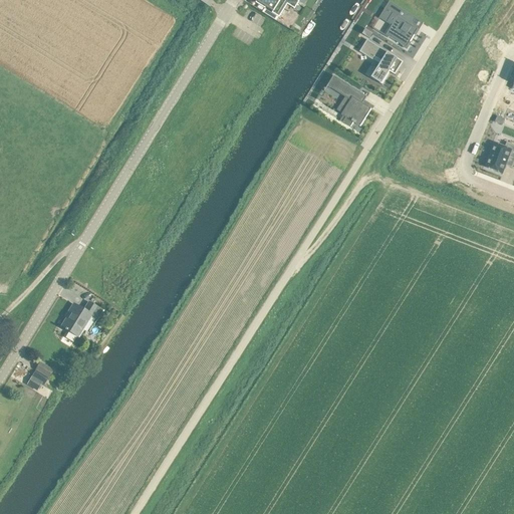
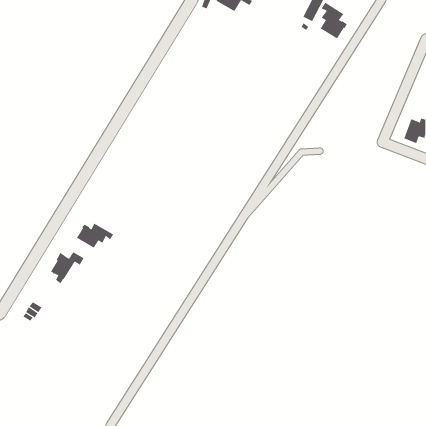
building: [358,39,403,84] -> none
building: [326,75,370,126] -> none
building: none -> [76,223,114,249]

